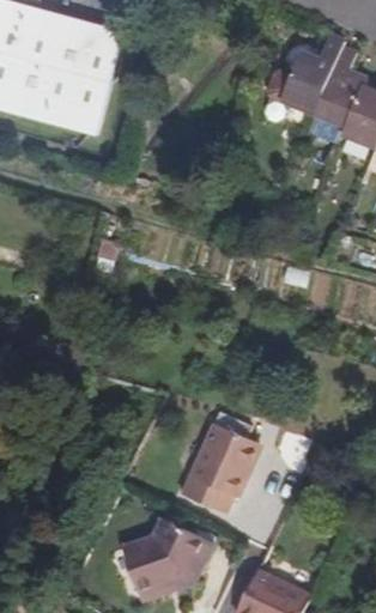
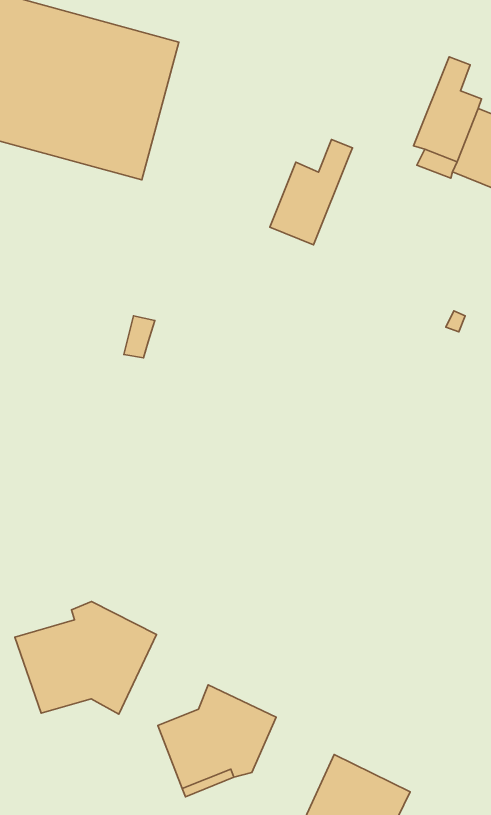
building: [281,37,342,115] -> [270,140,352,245]
building: [181,420,253,506] -> none
building: none -> [15,601,157,714]

